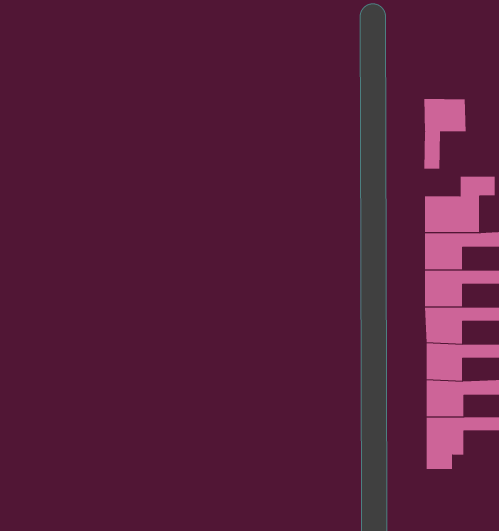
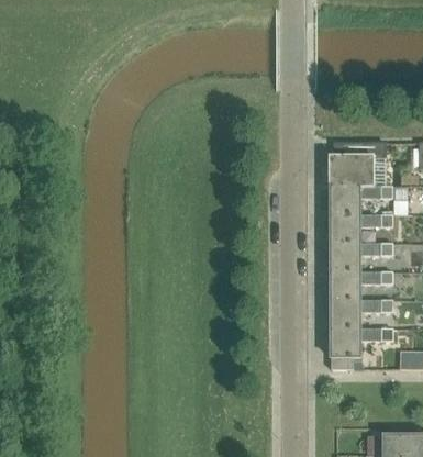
building: [424,98,466,169] -> none

